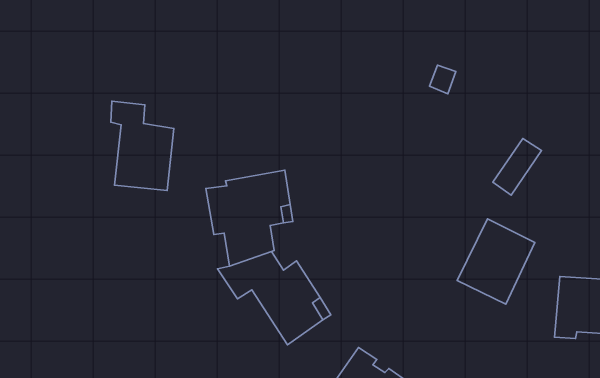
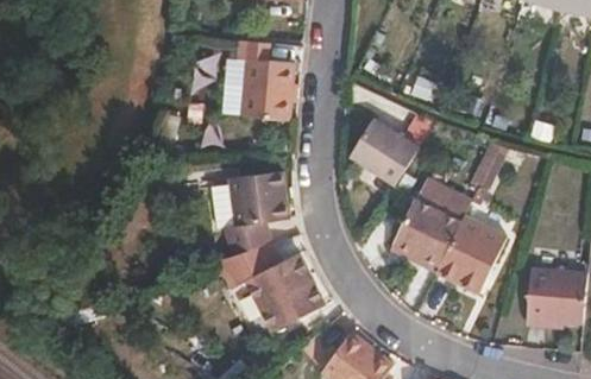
building: [111,101,174,190] -> [237,40,294,121]
building: none -> [351,120,417,185]
building: none -> [391,179,471,271]

